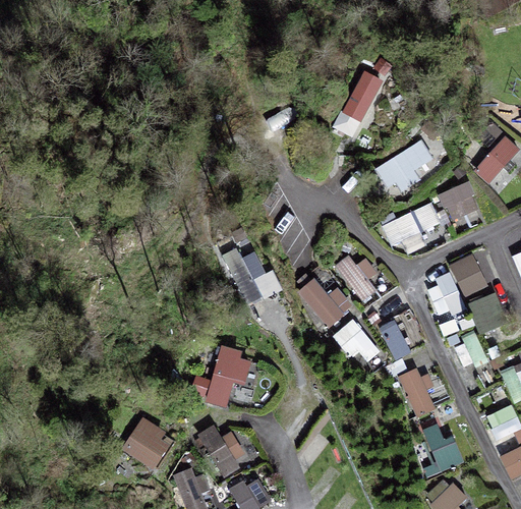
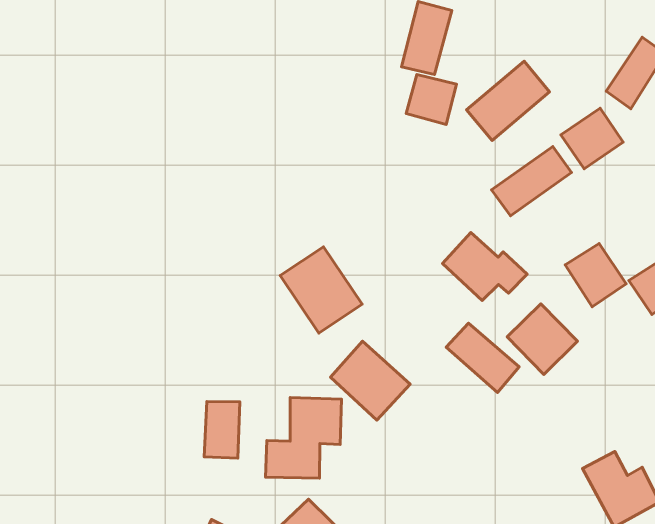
building: none -> [406,74,457,124]
building: [452,256,485,296] -> none
building: [298,272,353,329] -> [331,341,410,420]
building: none -> [204,401,240,458]
building: [398,369,438,419] -> none

